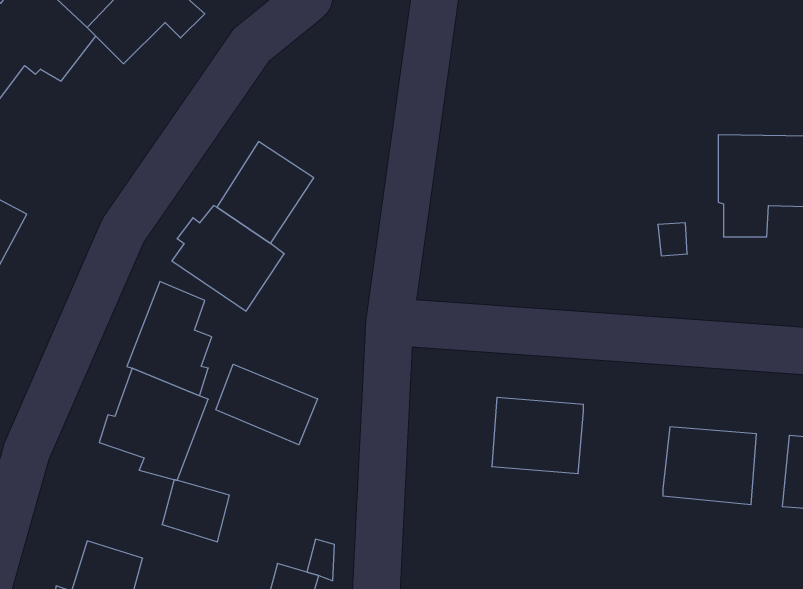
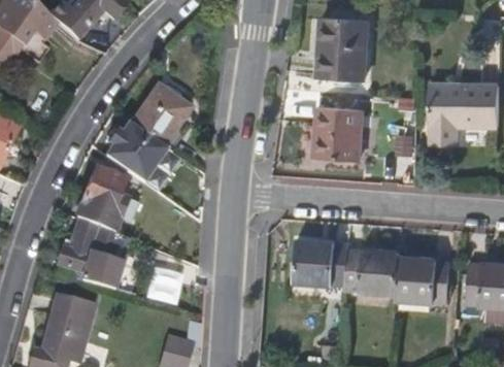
building: none -> [315,18,366,81]
building: none -> [309,105,360,162]
building: [216,364,318,445] -> none
building: none -> [346,246,401,293]
building: [162,480,229,542] -> [54,297,94,334]

